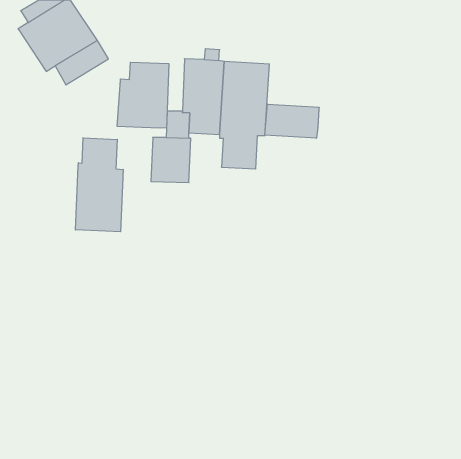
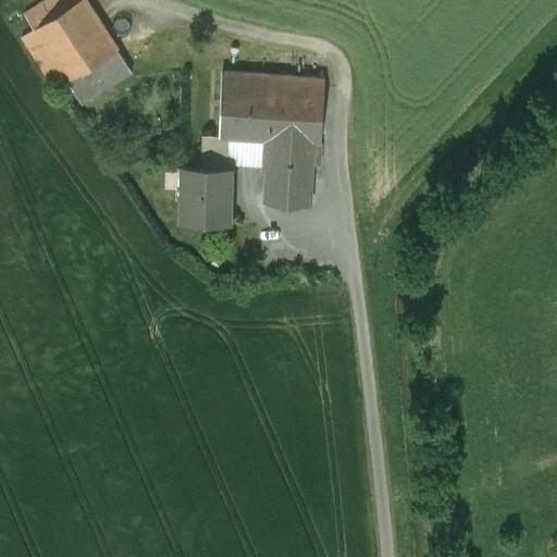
building: [117,62,169,128] -> none
building: [265,104,319,138] -> none
building: [76,138,123,232] -> none

